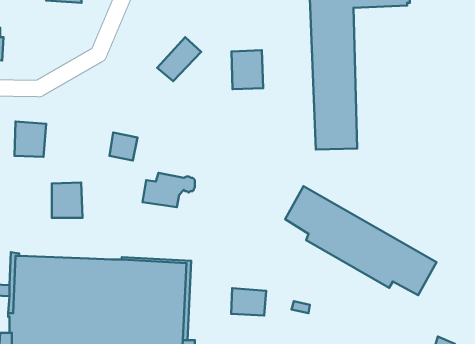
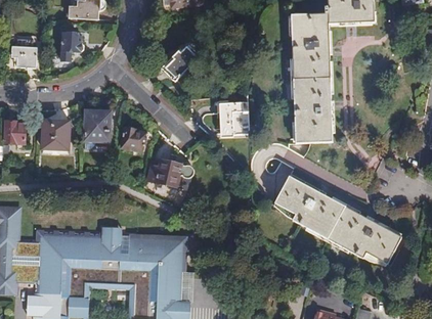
building: none -> [60,34,84,55]
building: [231,50,263,89] -> [220,106,247,139]
building: [52,182,82,218] -> [84,111,110,141]
building: [231,288,266,315] -> none

